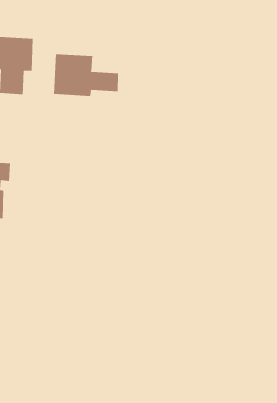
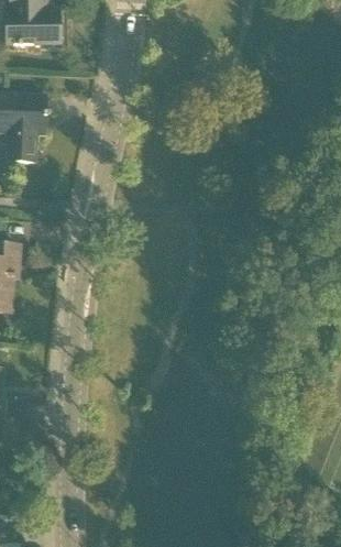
building: [53,54,119,97] -> none

